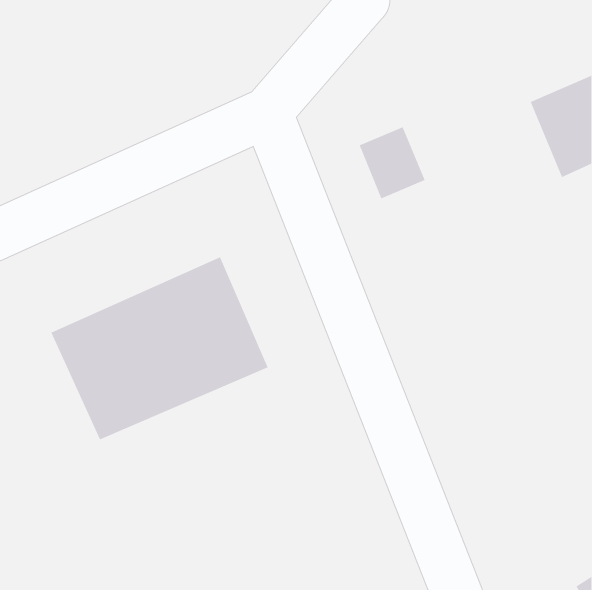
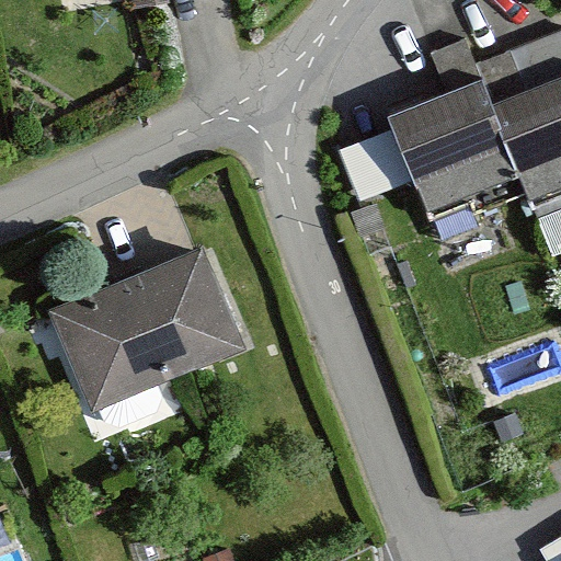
building: none -> [389,79,515,184]

